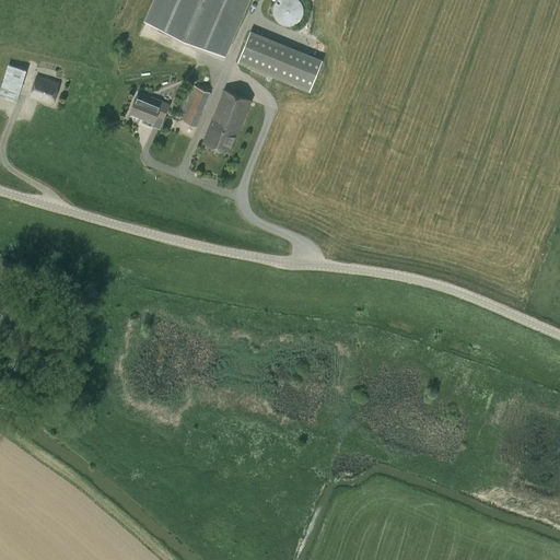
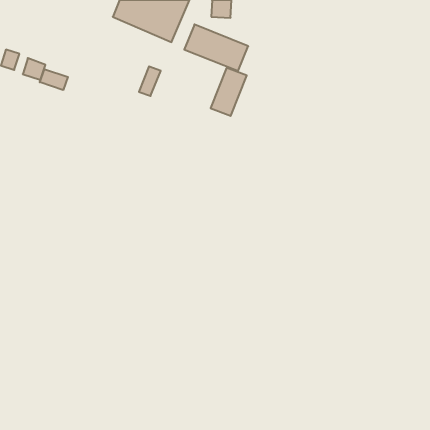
building: [203,90,250,152] -> [211,68,247,116]
building: none -> [40,69,68,90]
building: [130,96,168,121] -> none

